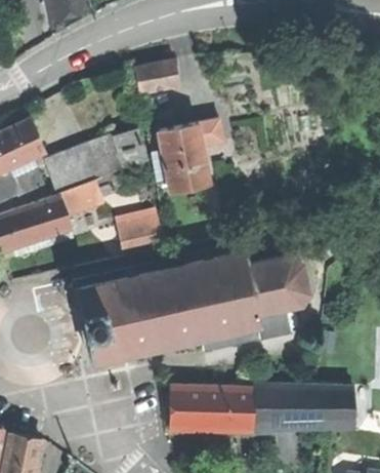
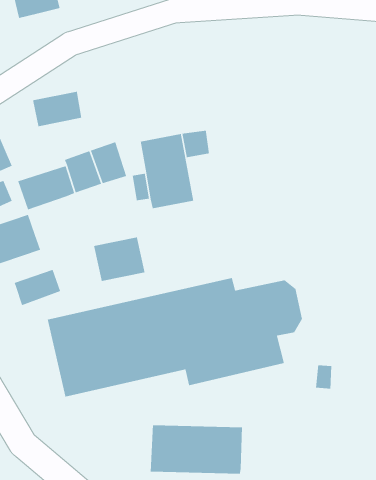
building: [134,60,179,92] -> [32,91,82,127]
building: [58,180,101,213] -> [14,269,61,306]
building: [252,386,353,426] -> none

